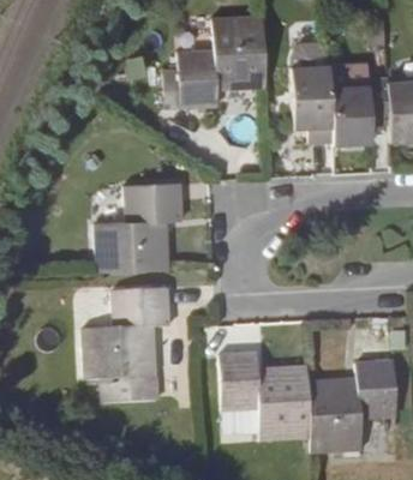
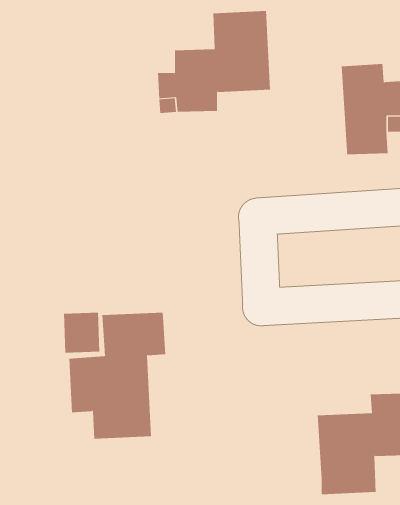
building: [289,42,334,143] -> none
building: [95,182,184,275] -> none
building: [220,353,311,442] -> none

